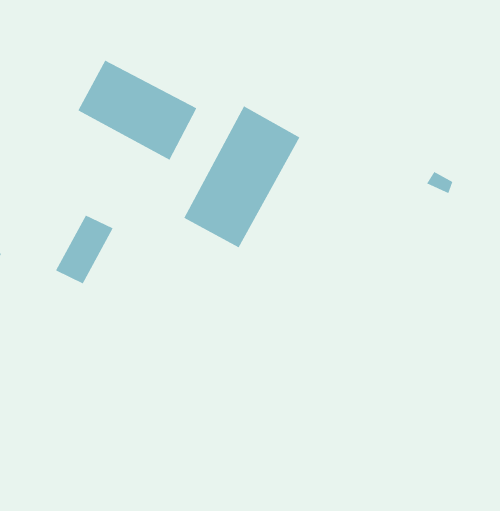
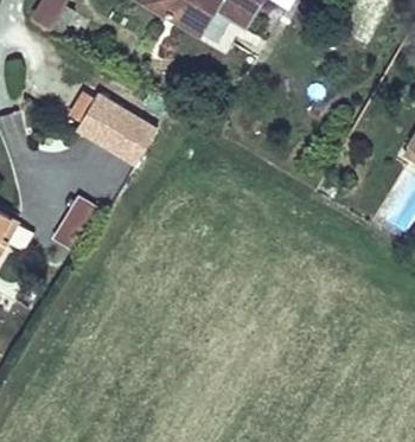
building: [183,106,300,248] -> none

